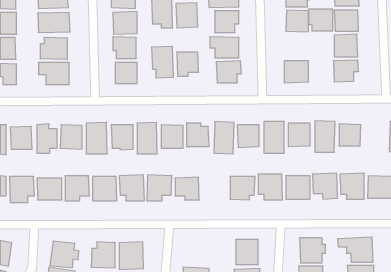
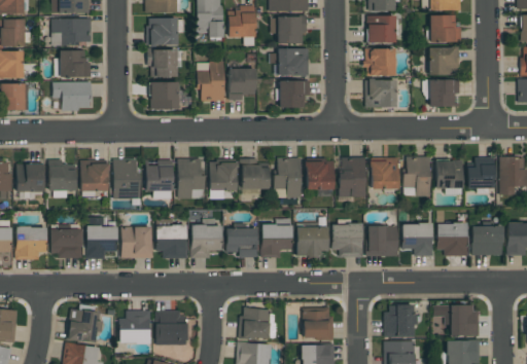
building: [308,9,333,31] -> [364,48,395,76]
building: none -> [467,159,495,189]
building: none -> [260,224,292,258]
building: none -> [240,308,273,339]

